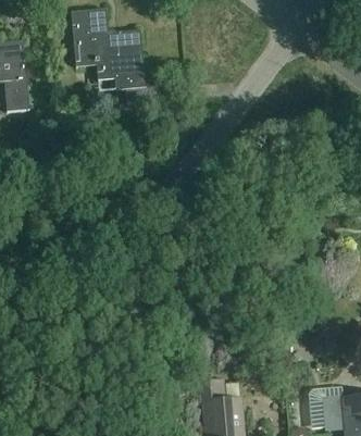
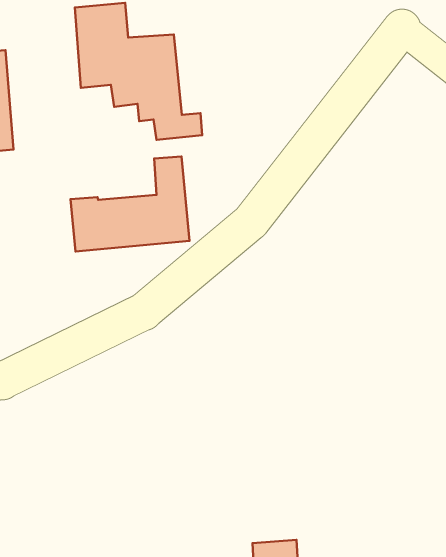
building: none -> [70,156,189,251]

